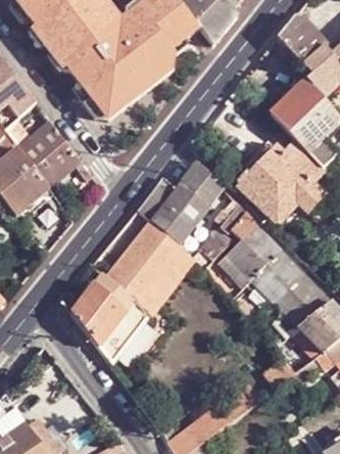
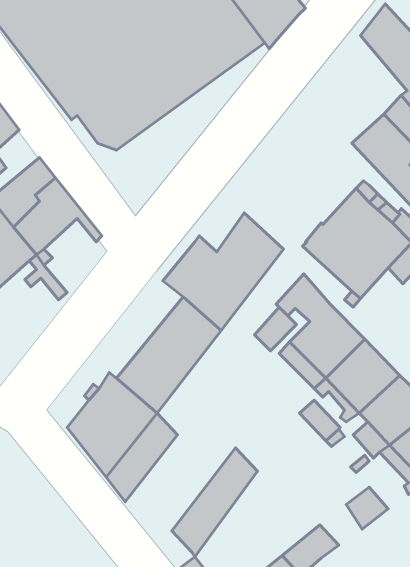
building: [134,242,194,319] -> [172,448,257,557]

